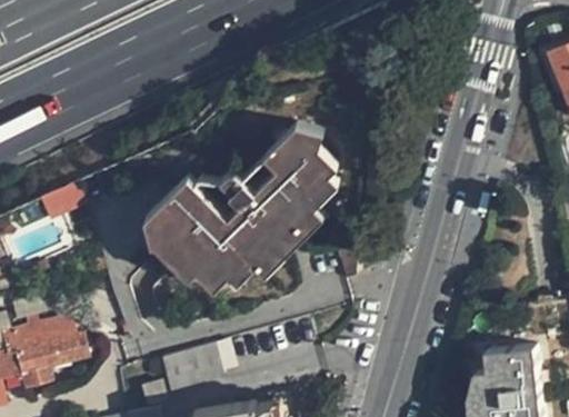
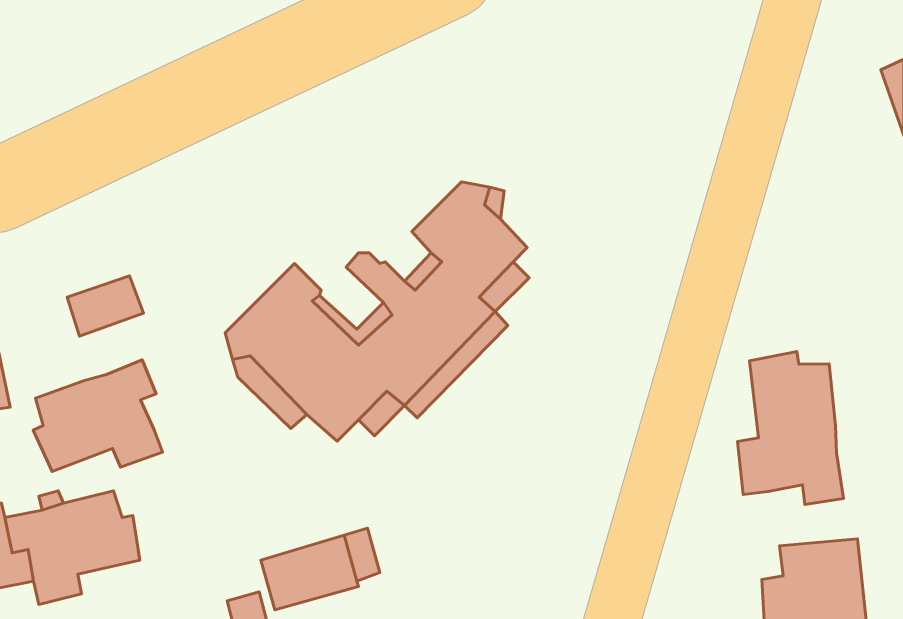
building: none -> [738,351,843,505]
building: none -> [33,360,163,472]

